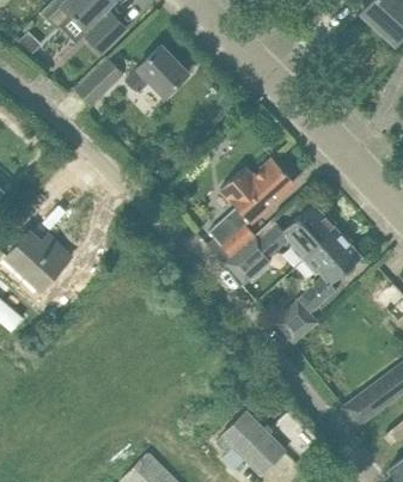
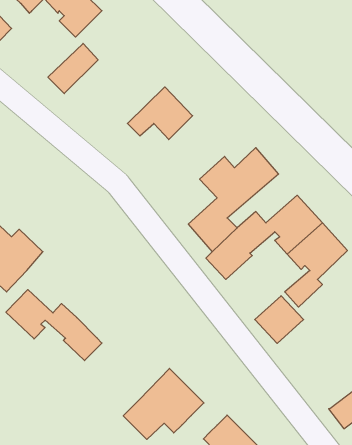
building: [126,45,188,96] -> [127,87,193,140]
building: none -> [6,290,102,361]
building: none -> [123,368,204,439]

